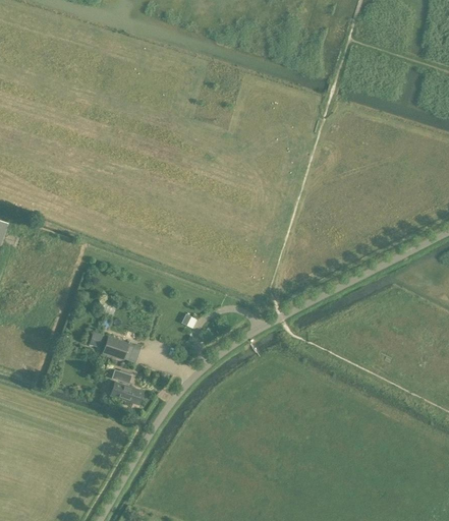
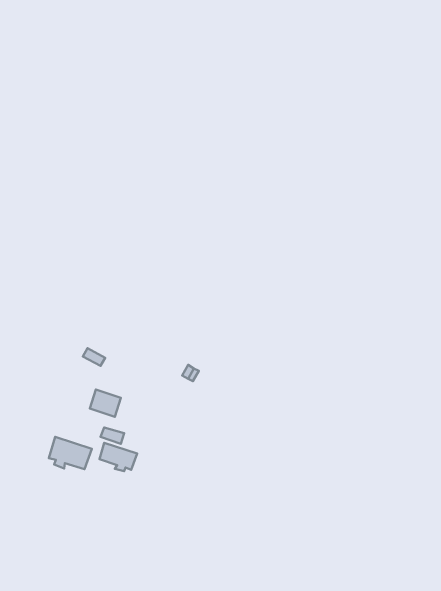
building: none -> [49,437,92,469]

